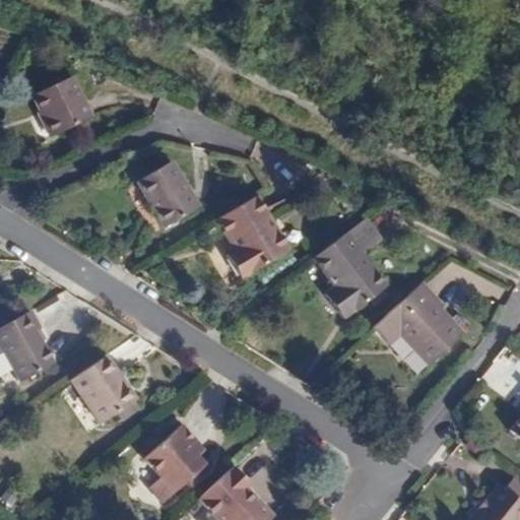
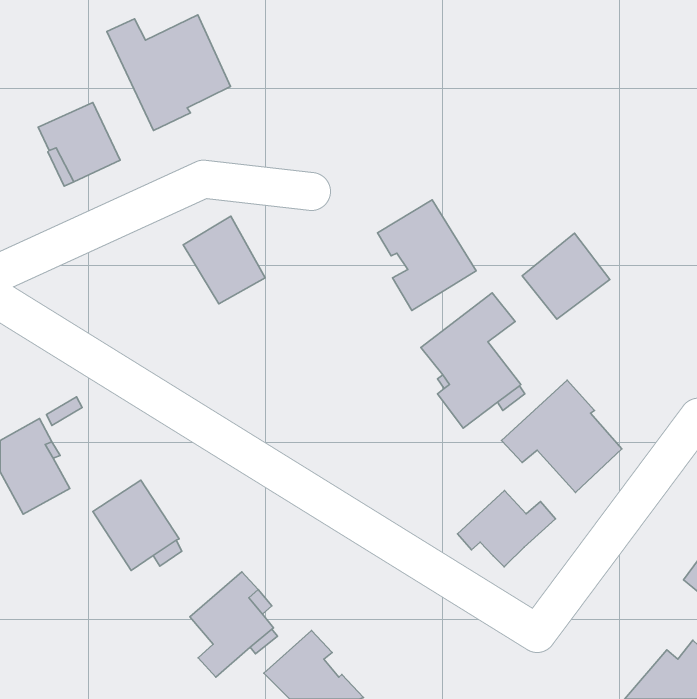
building: none -> [107,15,230,131]
building: none -> [522,233,610,319]
building: [217,195,290,277] -> [378,200,476,311]
building: none -> [458,491,556,567]

